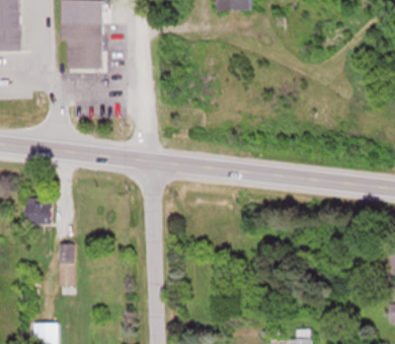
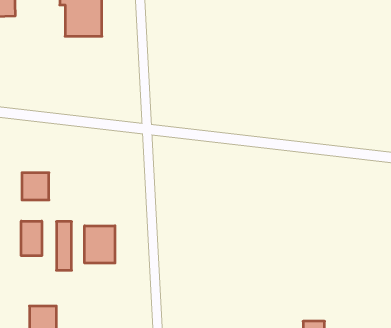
building: none -> [21,221,42,256]
building: none -> [85,226,115,263]

